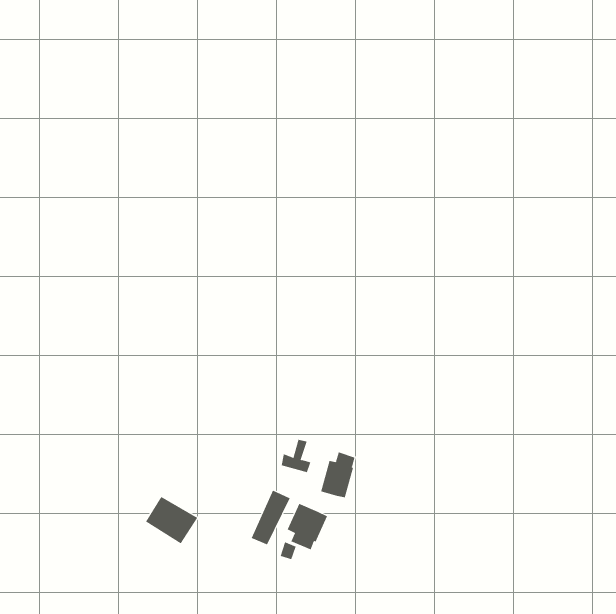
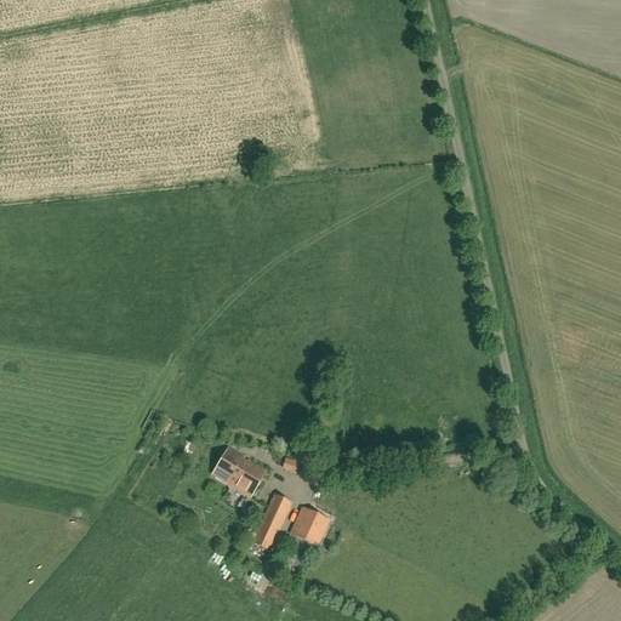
building: [321,452,355,498] -> none
building: [145,496,198,544] -> [213,446,267,495]

